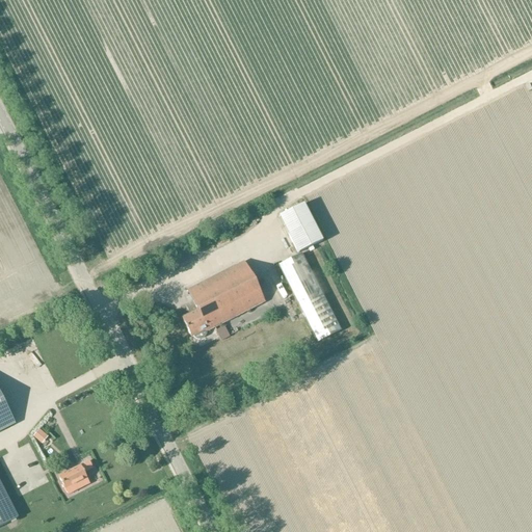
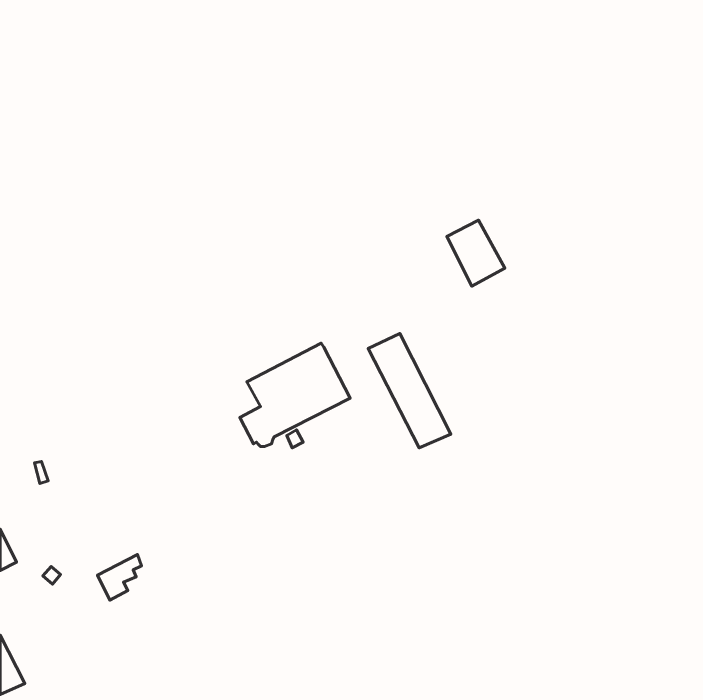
building: [281,202,324,251] -> [447,220,505,286]
building: [59,459,92,494] -> [97,555,142,600]

